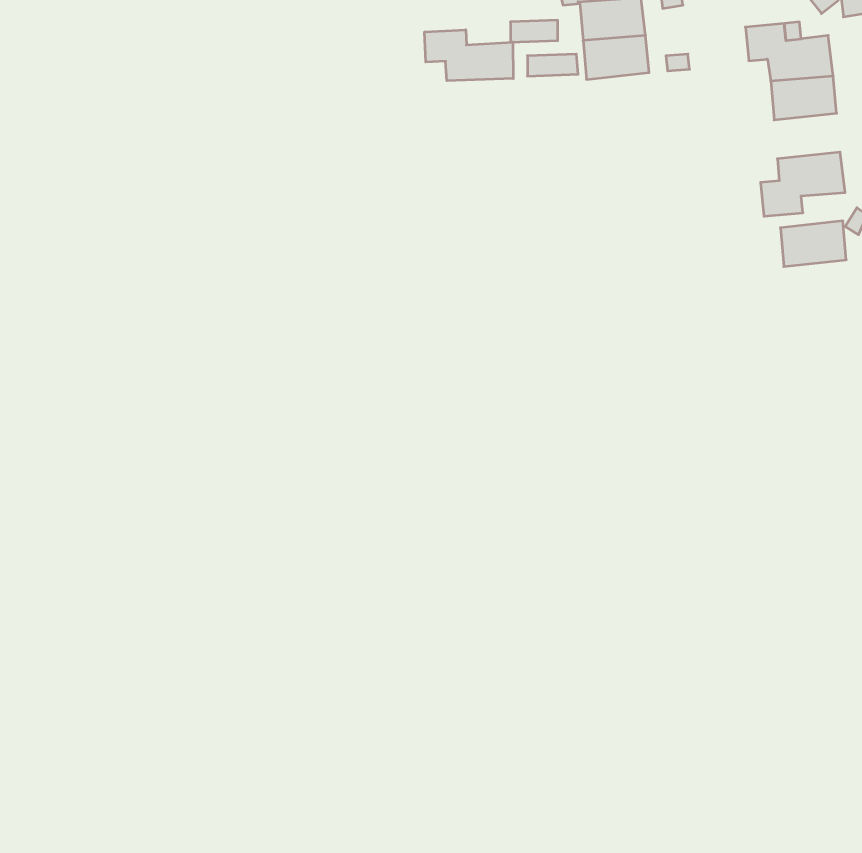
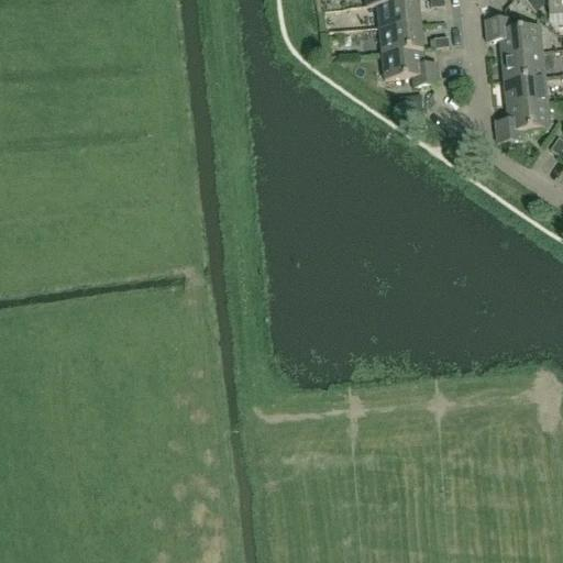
building: [425,30,513,81] -> none
building: none -> [383,47,440,85]
building: [780,221,846,267] -> [505,74,548,103]

